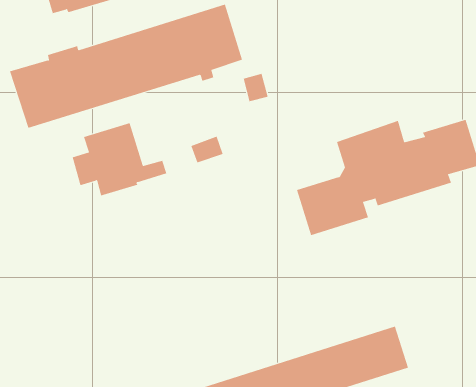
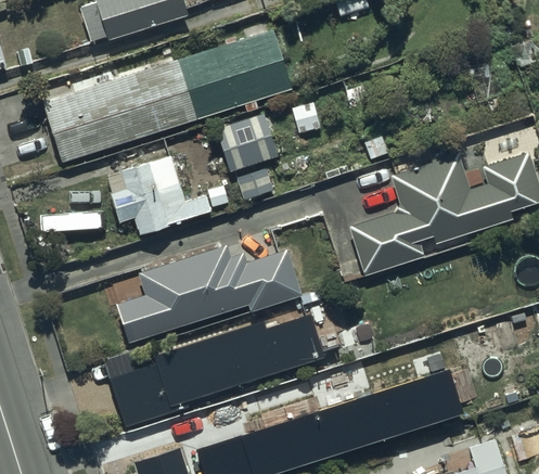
building: none -> [214,113,278,171]
building: none -> [114,244,300,343]
building: none -> [110,312,322,426]

